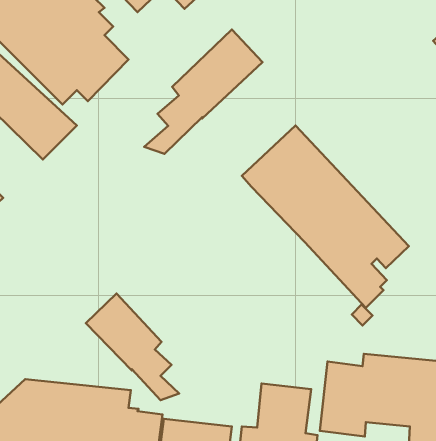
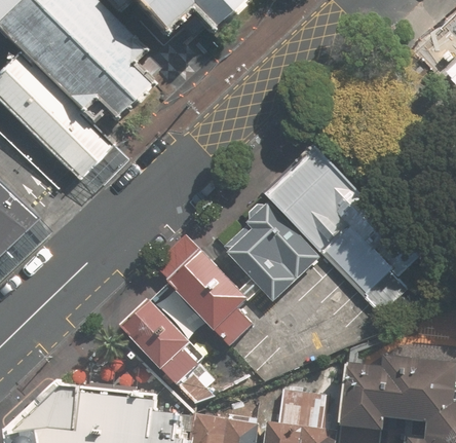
building: [144,30,262,154] -> none
building: none -> [224,201,322,301]
building: none -> [169,252,254,347]

